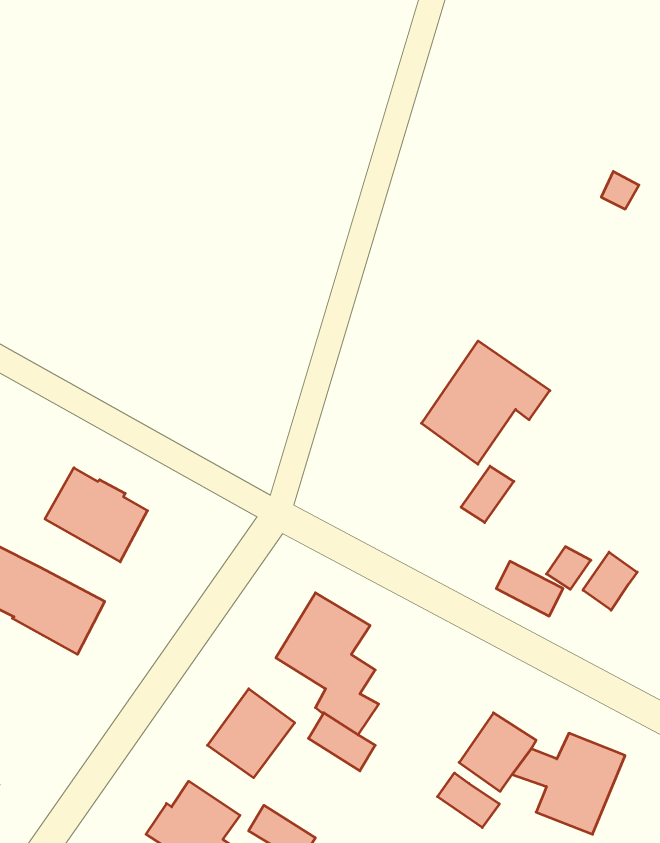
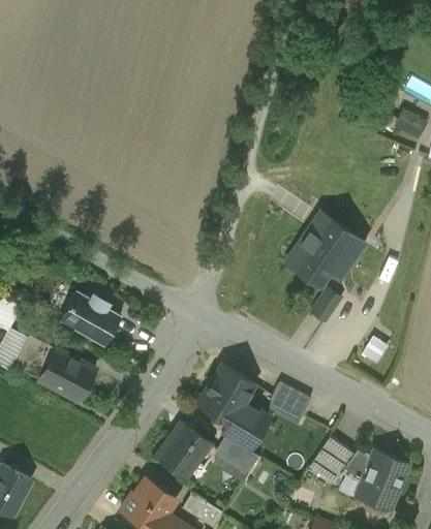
building: [583,552,637,610] -> none
building: [496,561,563,616] -> [271,382,311,415]
building: [437,773,499,828] -> none

